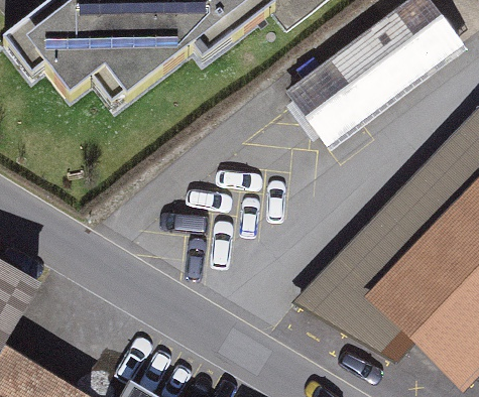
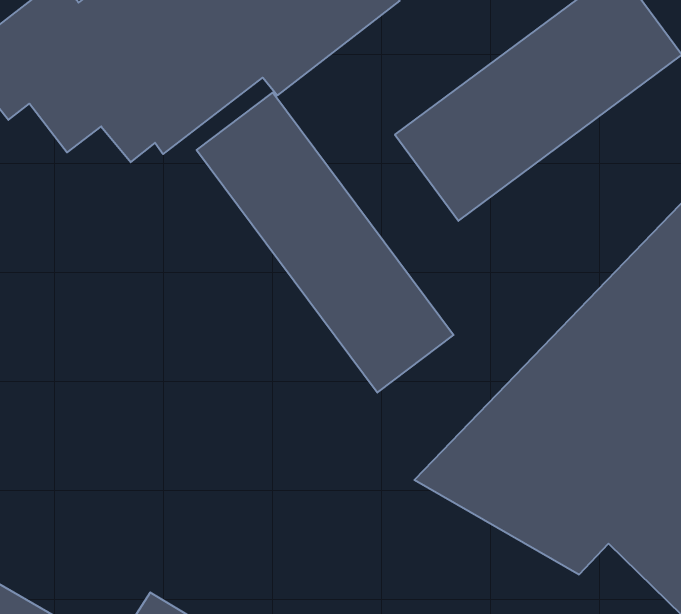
building: none -> [197,92,454,393]

